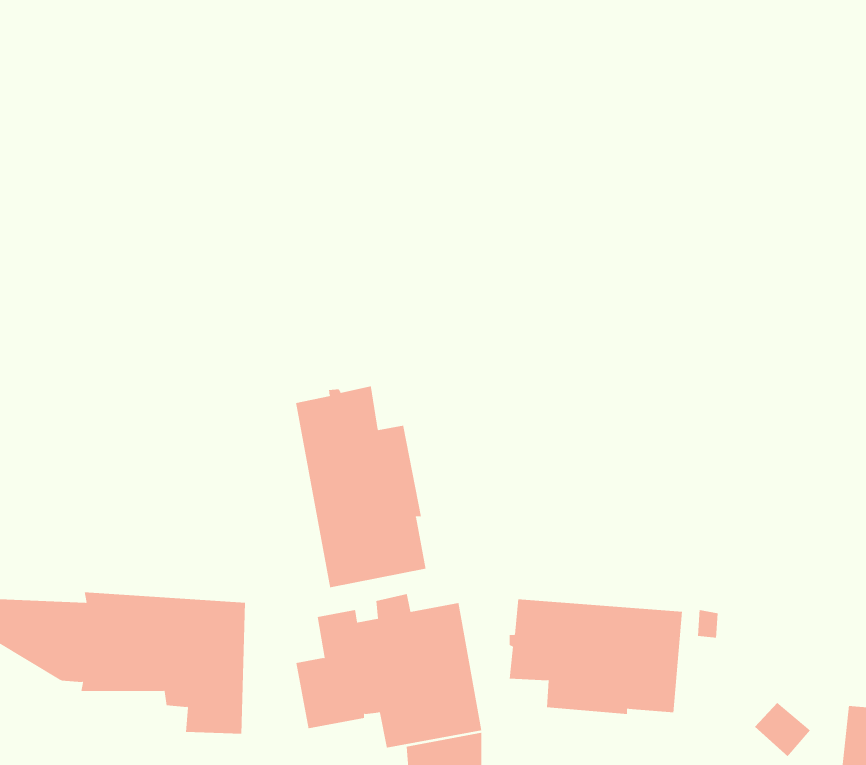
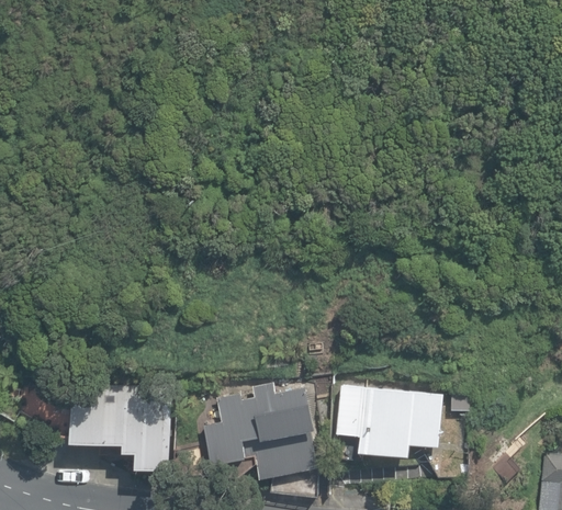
building: [296,385,426,588] -> none

